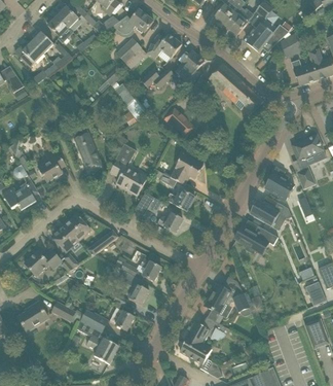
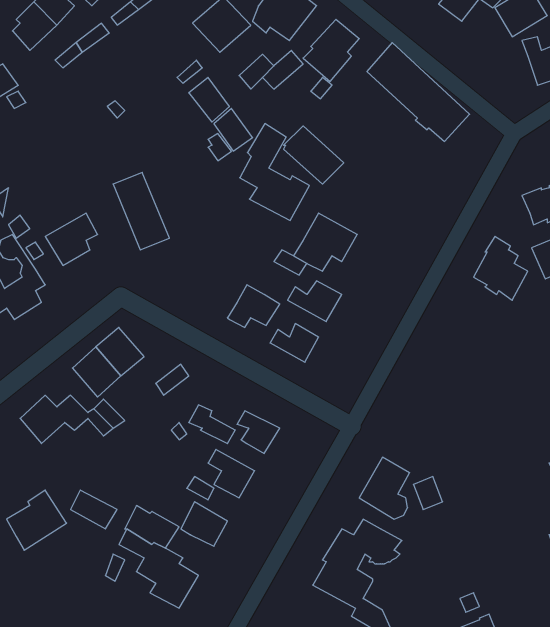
building: [111,143,148,195] -> [240,124,309,220]
building: [250,199,292,225] -> none
building: [235,225,279,253] -> none

